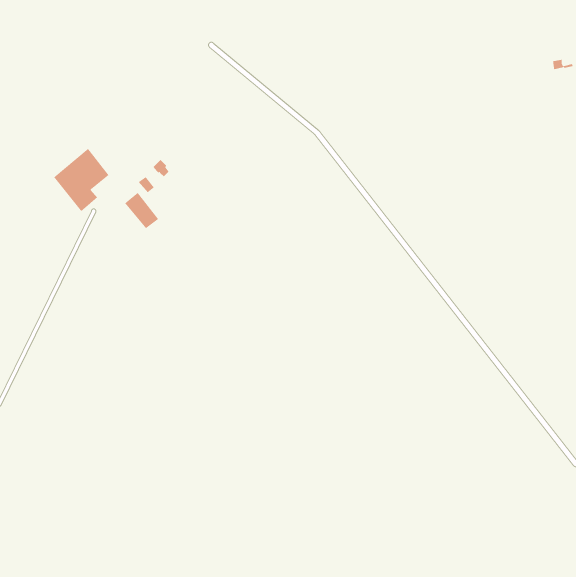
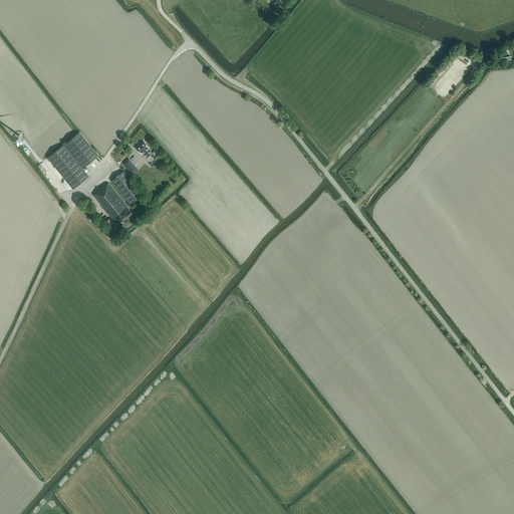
building: none -> [92,183,131,225]

